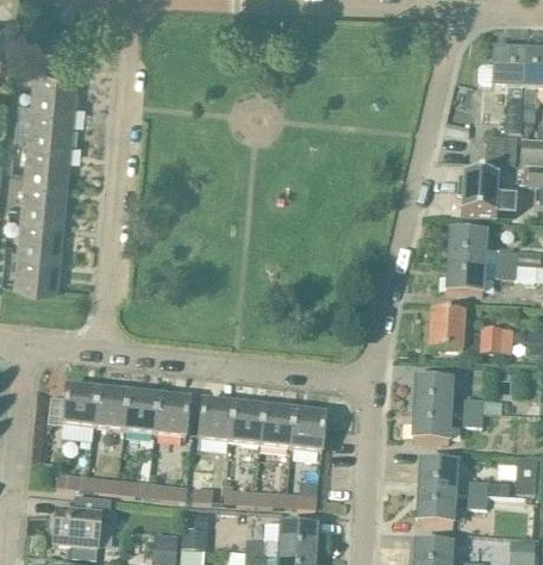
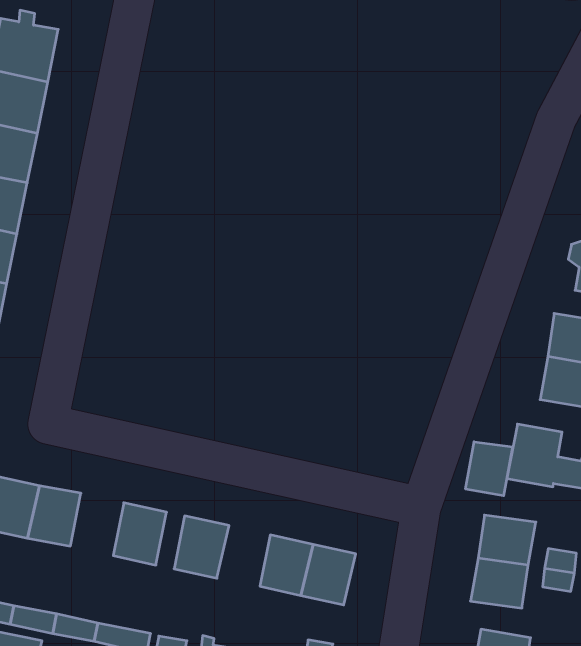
building: none -> [466,442,512,496]
building: [124,391,158,433] -> none
building: [230,403,264,443] -> none

